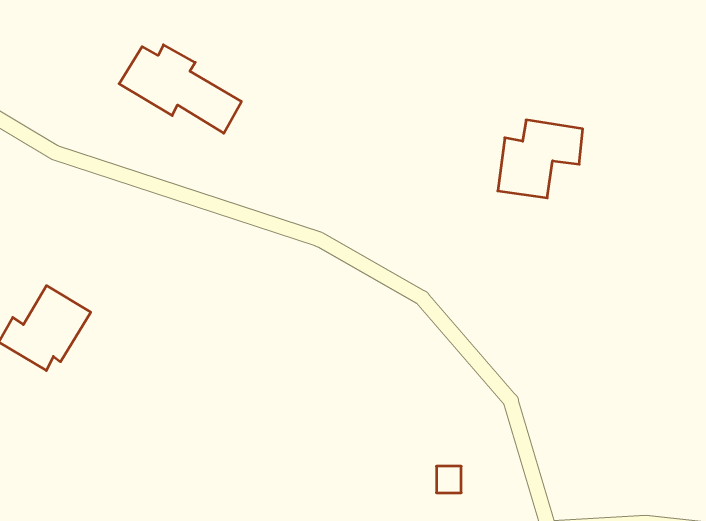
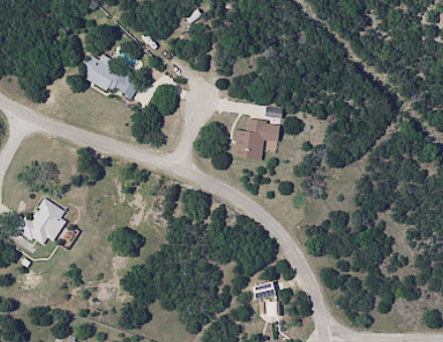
building: [498,120,583,198] -> [236,120,284,164]

